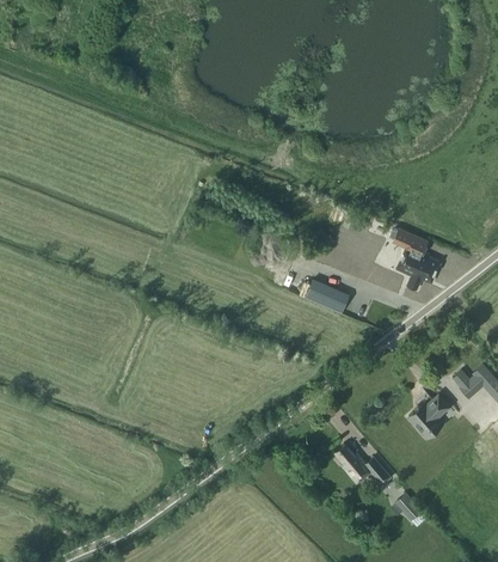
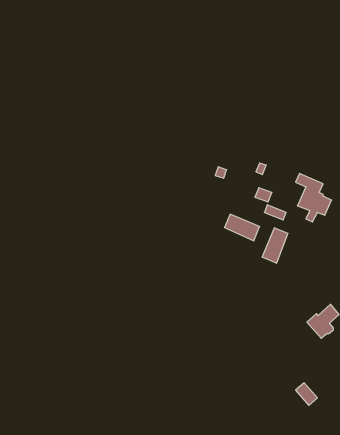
building: none -> [262,228,288,263]
building: [336,444,391,484] -> none

